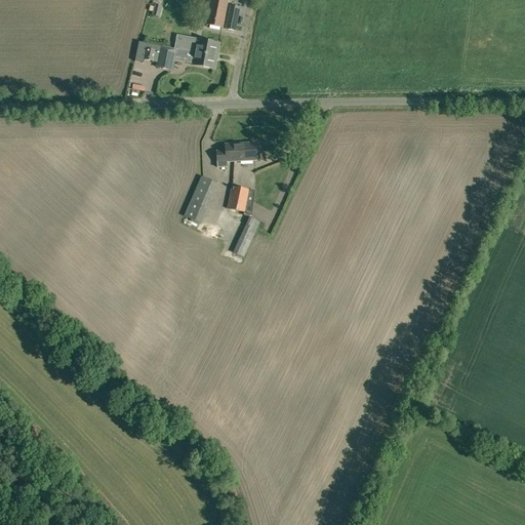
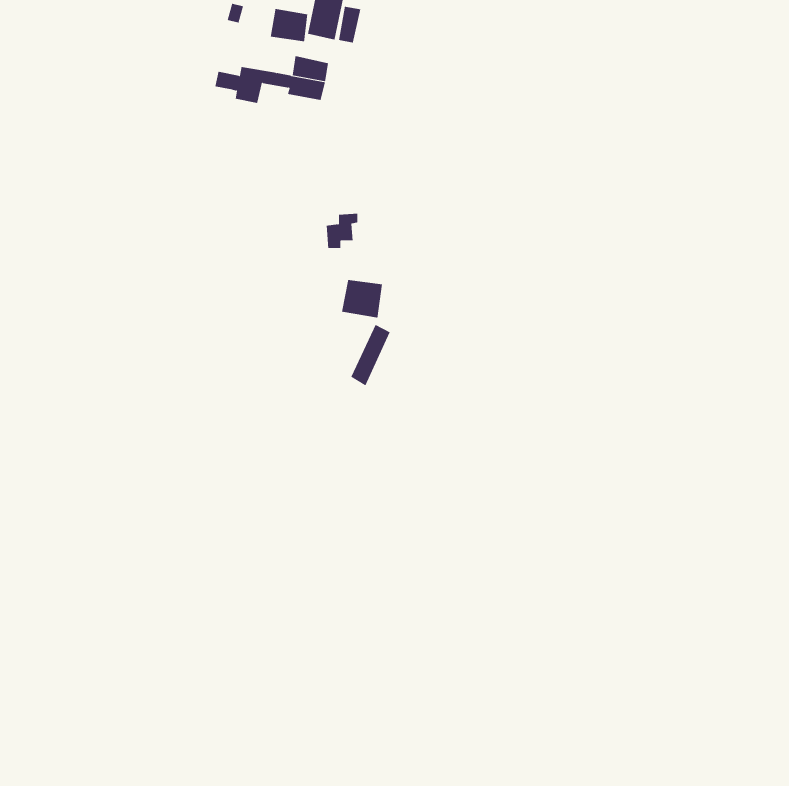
building: none -> [270,8,308,42]
building: [234,140,258,160] -> none
building: [188,173,220,219] -> none

